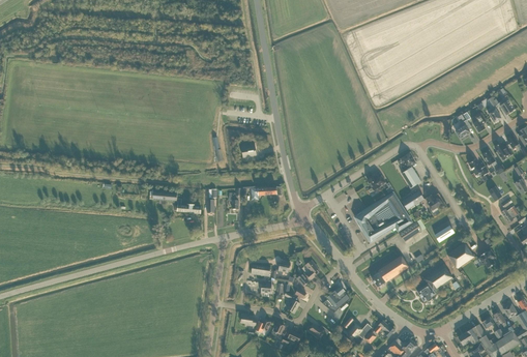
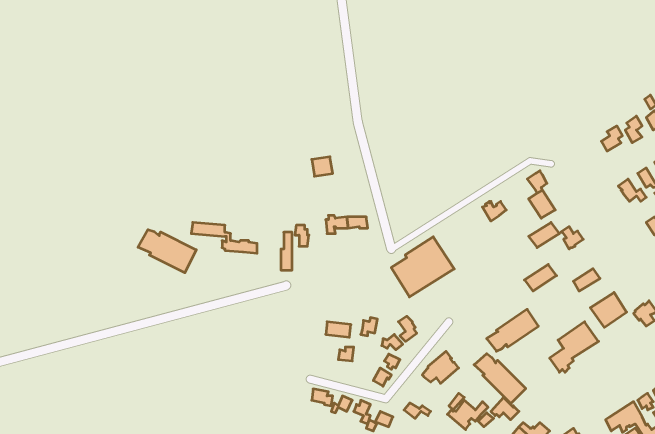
building: [356,195,403,239] -> [391,237,454,297]
building: none -> [138,230,196,273]
building: none -> [474,354,526,404]

